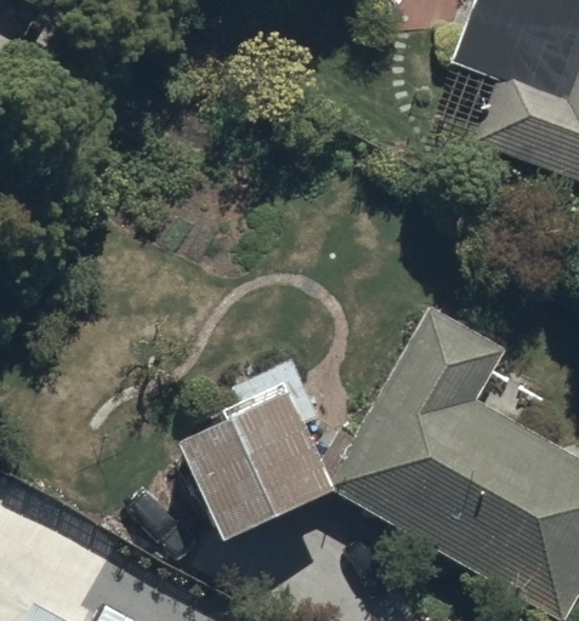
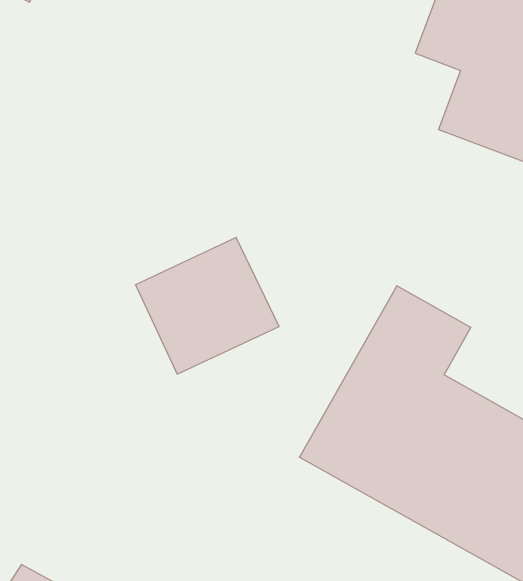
building: [178,393,329,536] -> [135,237,279,374]

